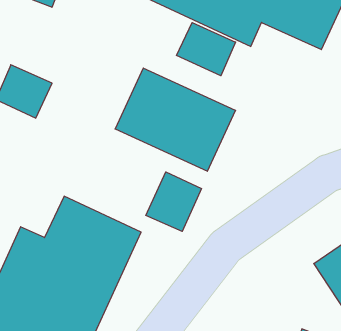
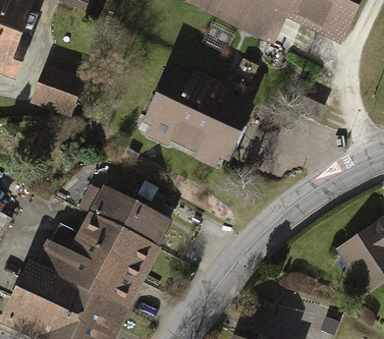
building: [177,23,236,76] -> none
building: [146,172,201,231] -> none

